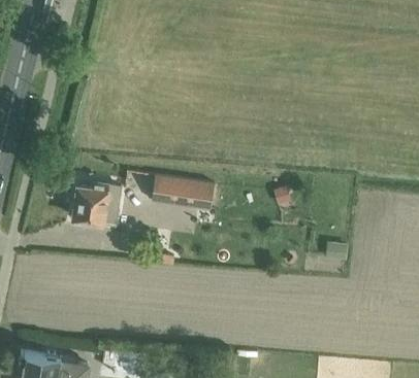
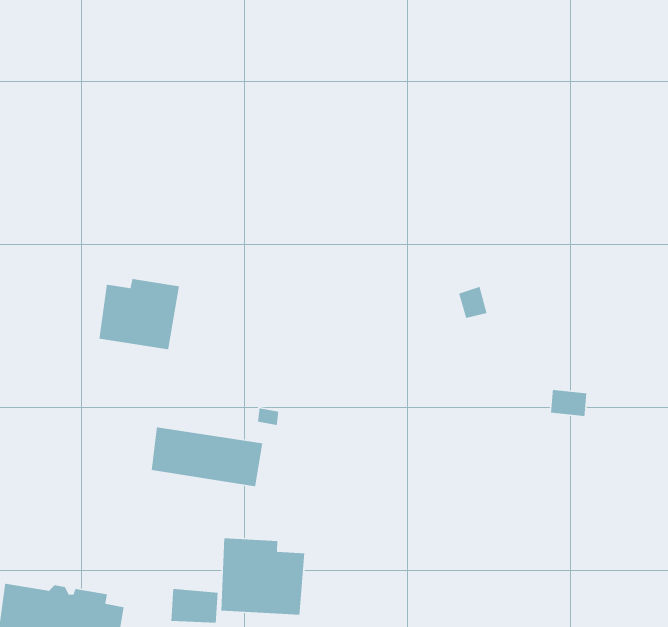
building: [150,175,213,209] -> [151,426,263,487]
building: none -> [220,537,305,616]

